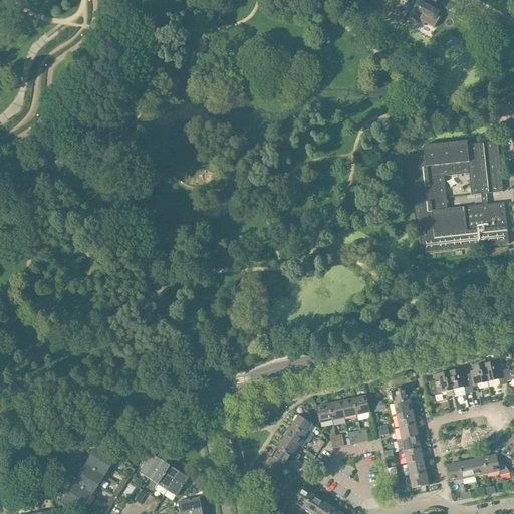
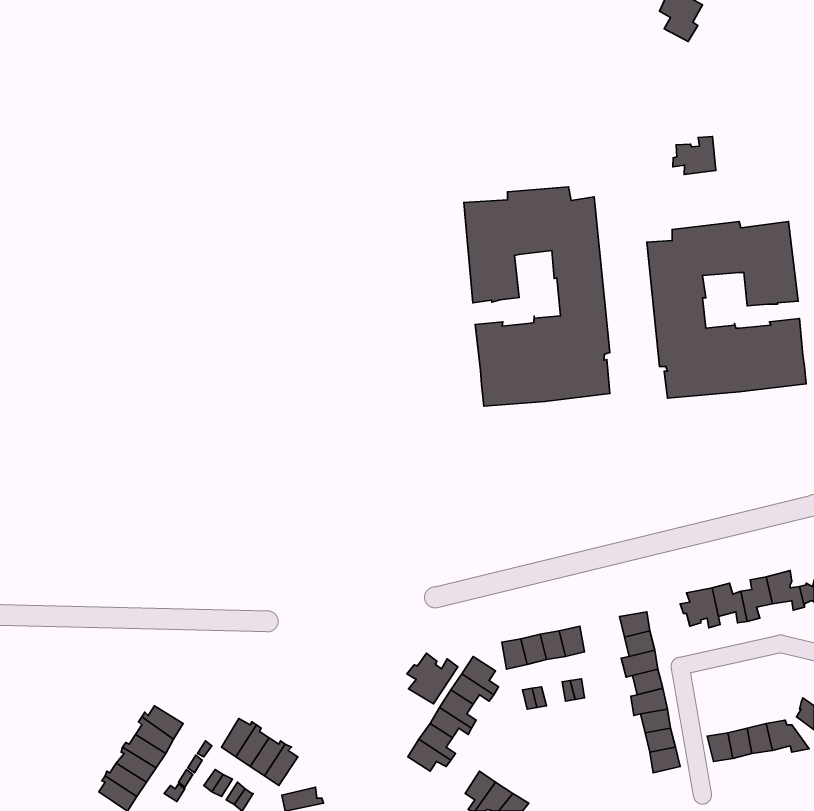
building: none -> [673,137,716,174]
building: none -> [464,187,610,406]
building: none -> [407,653,458,704]

